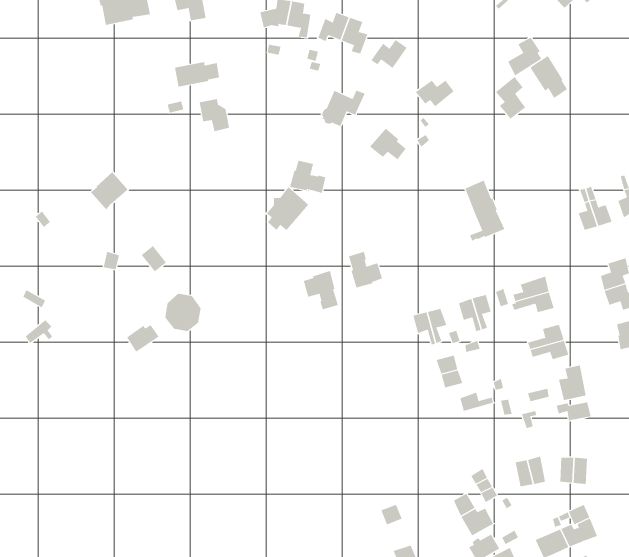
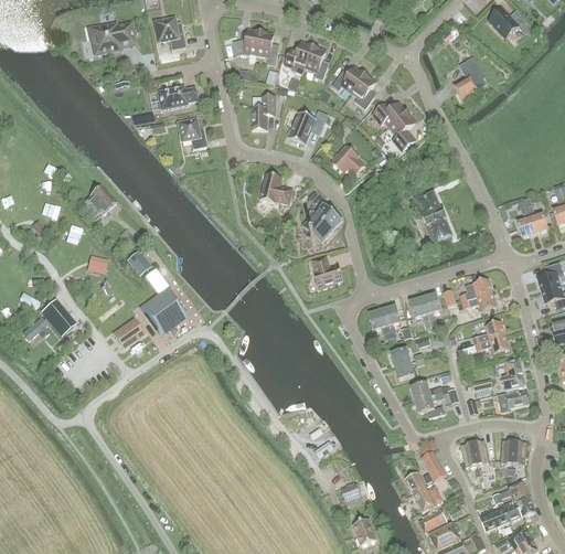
building: none -> [352,73,376,108]
building: [530,55,568,99] -> none
building: none -> [252,95,276,129]
building: [495,76,526,119] -> [390,111,417,150]
building: [266,186,309,231] -> [303,201,342,241]
building: [303,270,339,310] -> none
building: none -> [42,300,74,333]
building: none -> [415,391,445,417]

